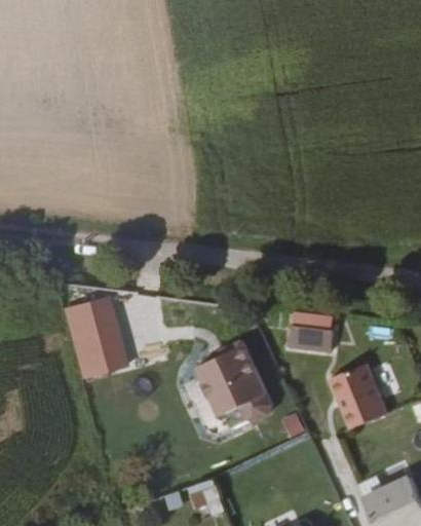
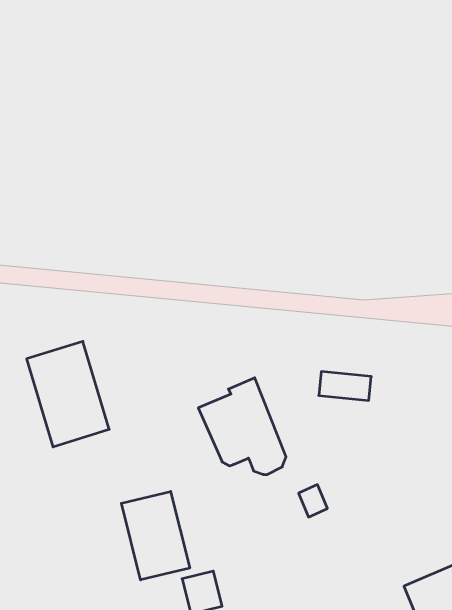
building: [330,358,400,427] -> none
building: none -> [121,491,190,580]

